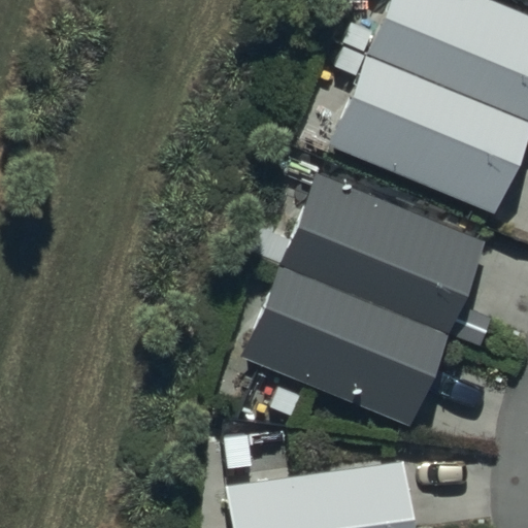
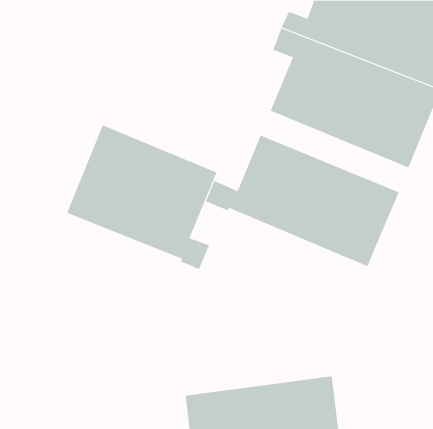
building: none -> [67,125,217,270]
building: [243,262,449,426] -> none

